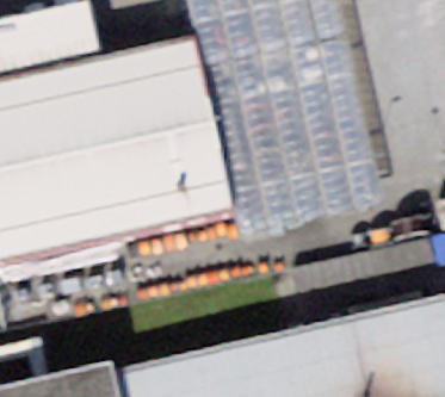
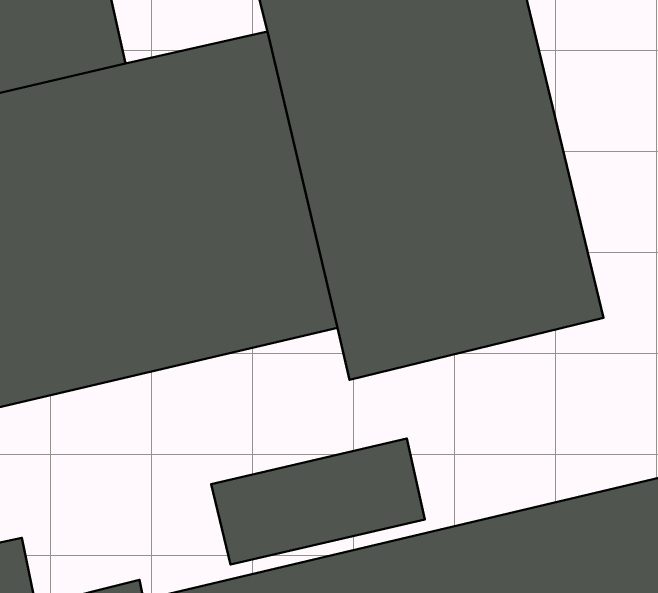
building: none -> [211,438,425,565]

